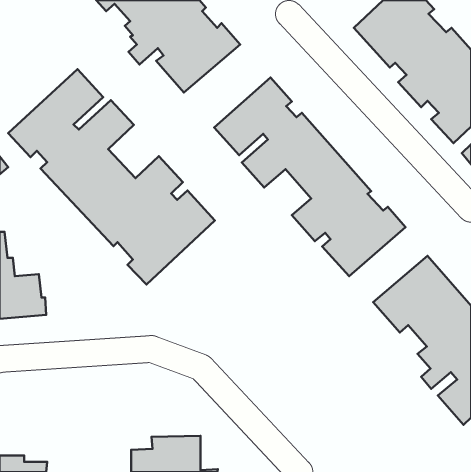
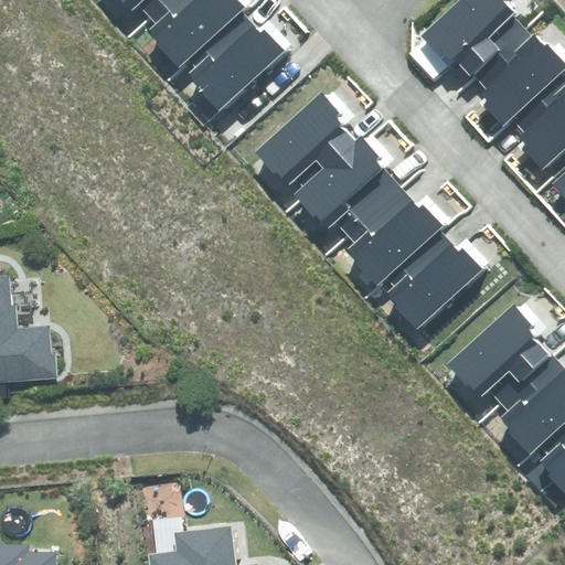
building: [8,69,215,285] -> none

